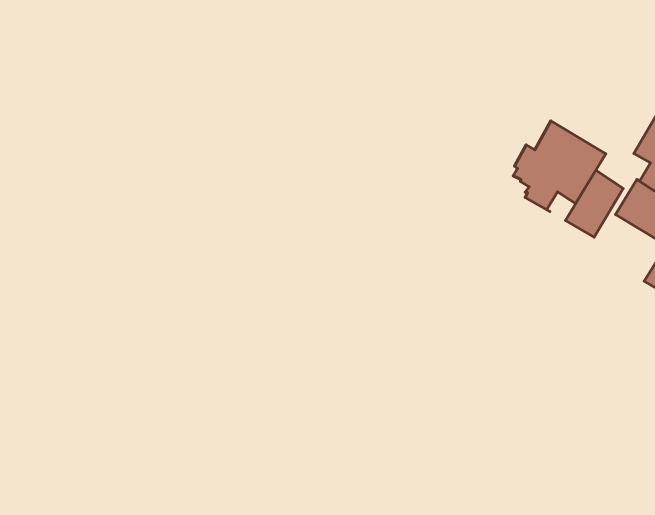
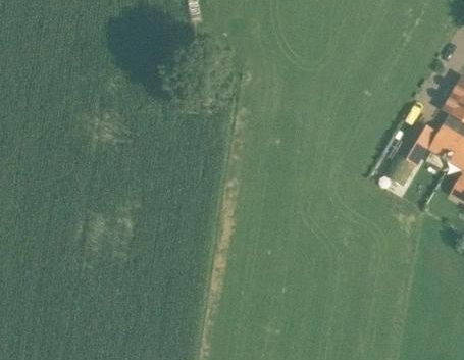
building: [513,121,606,212] -> none

